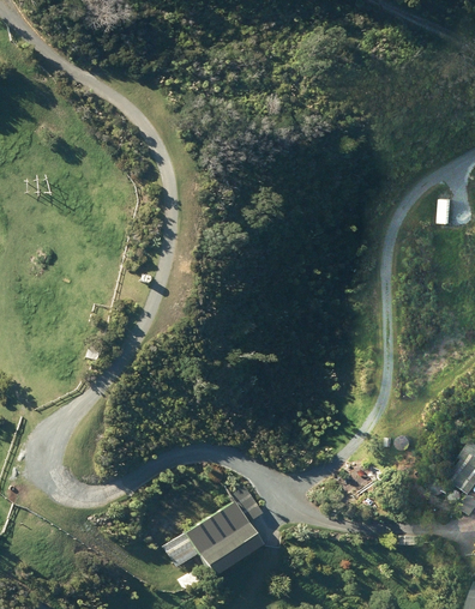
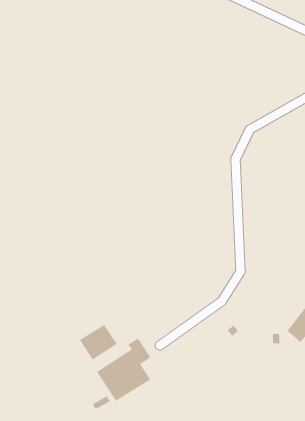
building: none -> [79,324,118,360]

